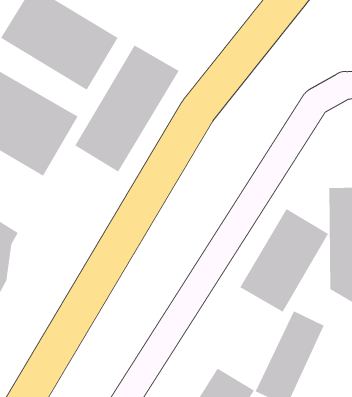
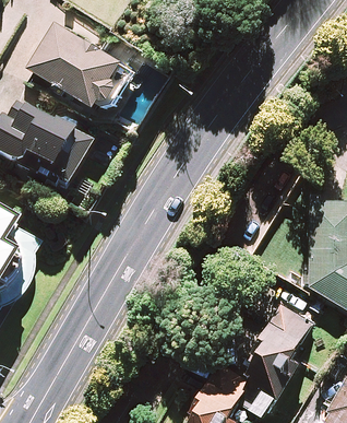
building: [74,45,179,172] -> none
building: [239,208,329,312] -> none

